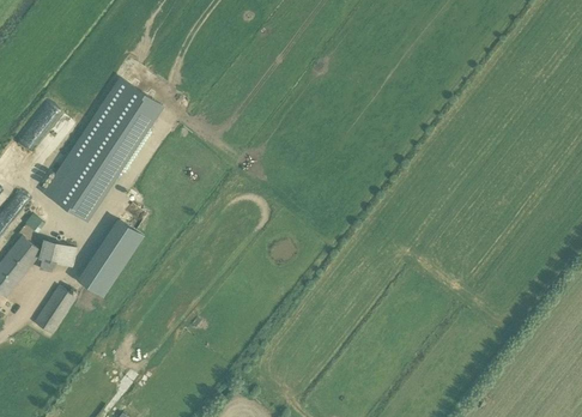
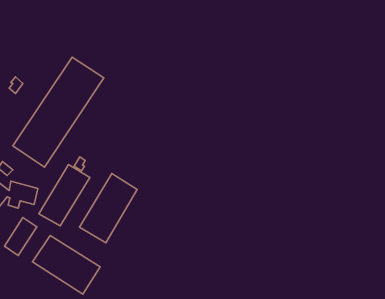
building: none -> [79,173,137,243]
building: none -> [32,236,100,294]

